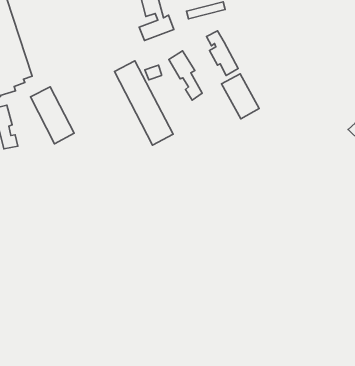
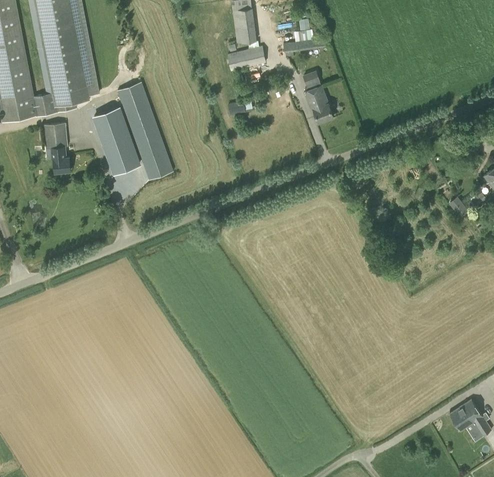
building: [169,51,202,100] -> none
building: [114,61,173,145] -> [117,81,174,179]
building: [222,74,259,119] -> none

